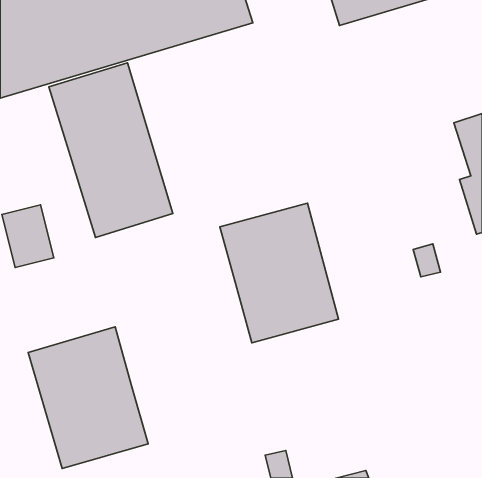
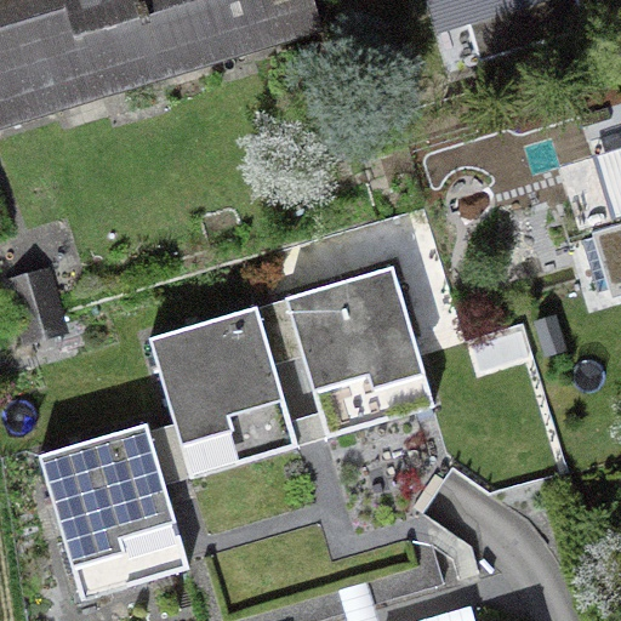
building: [49,63,173,238] -> none
building: none -> [147,304,300,483]

